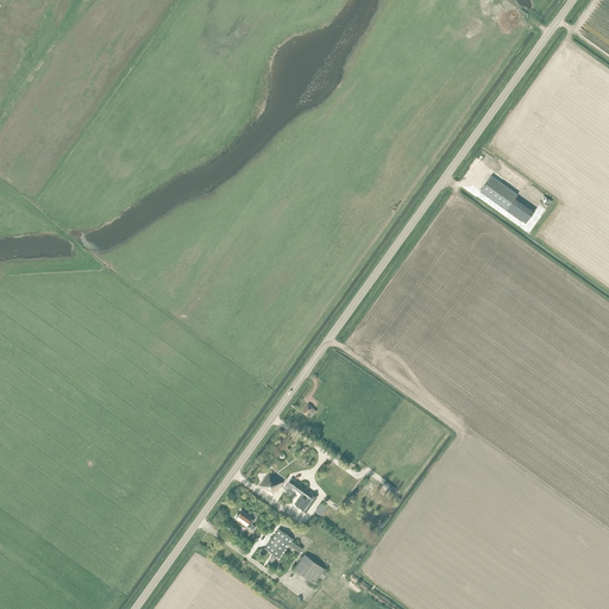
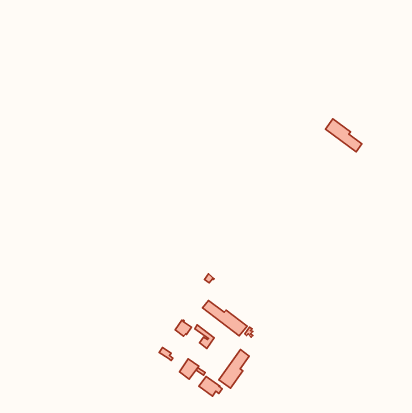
building: none -> [203,300,247,336]
building: none -> [219,350,249,388]

